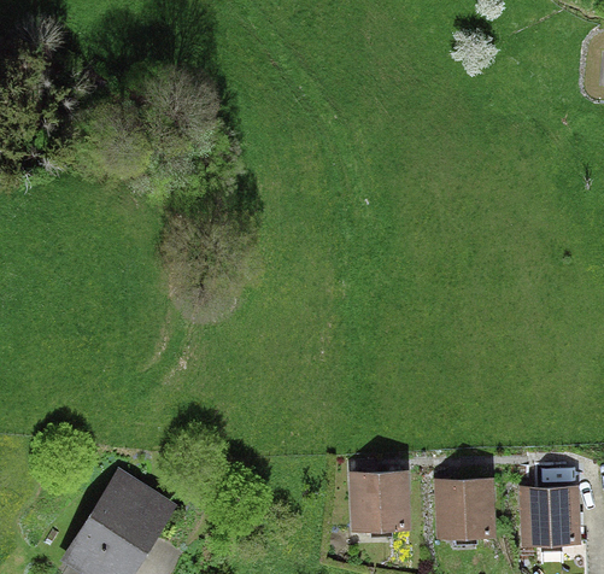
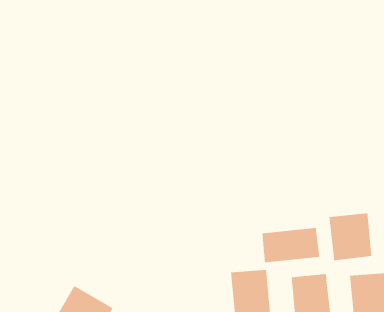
building: none -> [329,212,372,261]
building: none -> [262,227,320,263]

